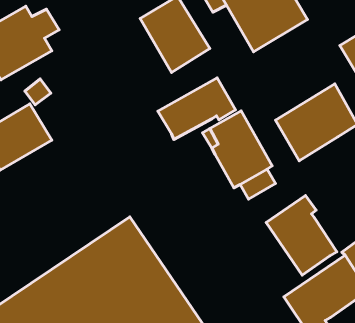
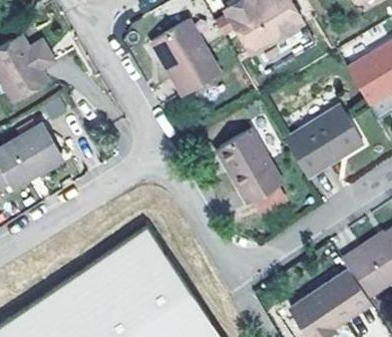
building: [158,78,236,140] -> none
building: [266,195,337,275] -> none

